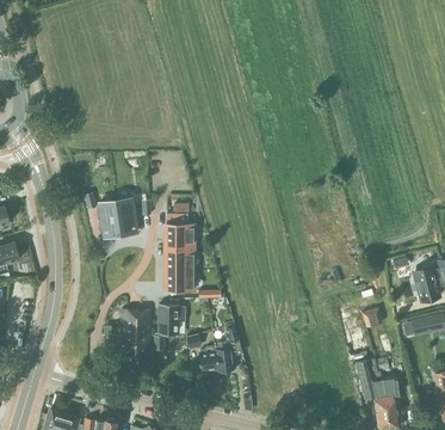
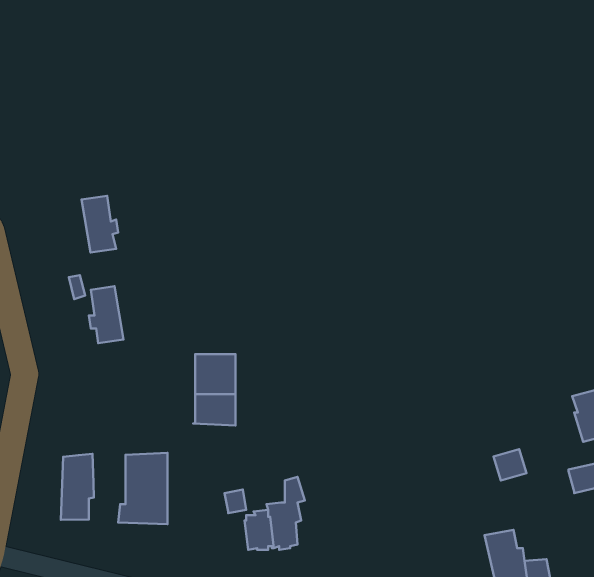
building: [116,197,140,234] -> [81,196,118,252]
building: [167,213,194,244] -> none
building: [159,303,186,332] -> none
building: none -> [61,454,94,520]

